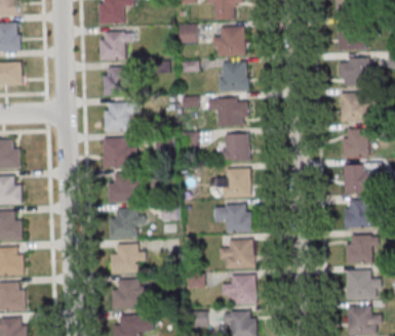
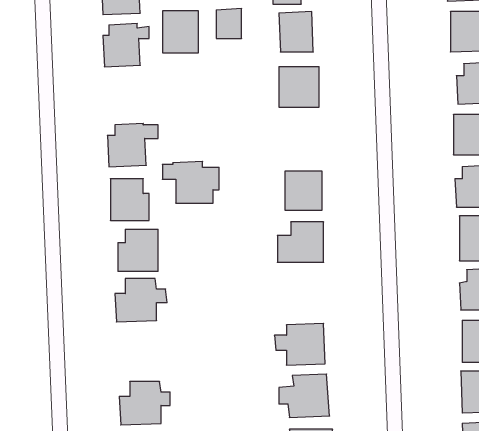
building: [105,67,129,95] -> [163,11,198,53]
building: [207,95,246,124] -> [162,161,219,203]
building: [215,201,251,230] -> none
building: [110,242,145,271] -> none

